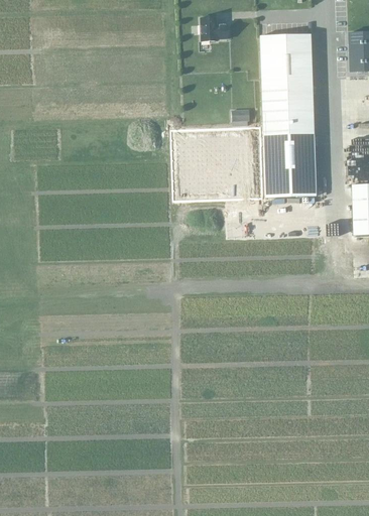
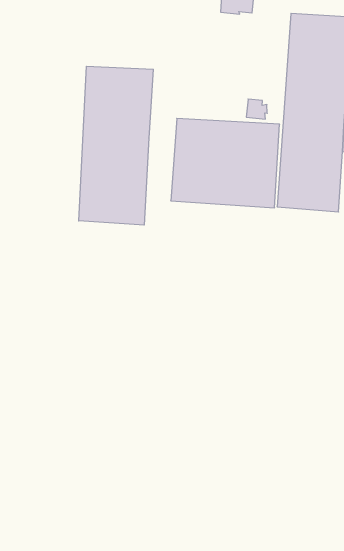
building: none -> [79,66,153,225]

